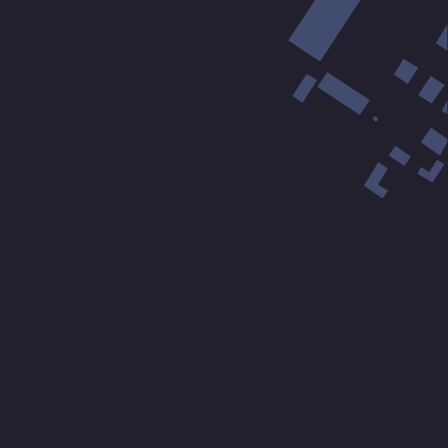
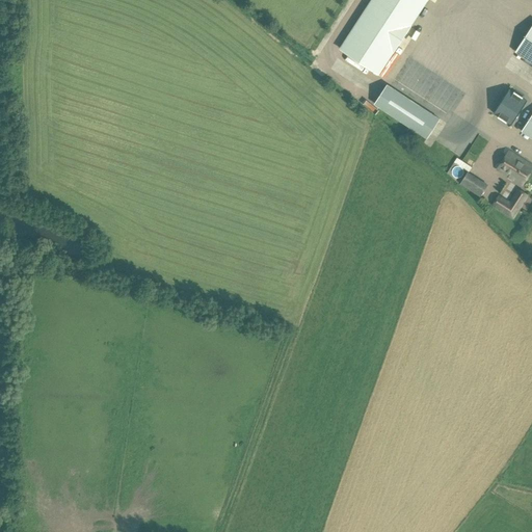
building: [393,58,419,85] -> none
building: [291,73,318,104] -> none
building: [363,161,389,200] -> none

